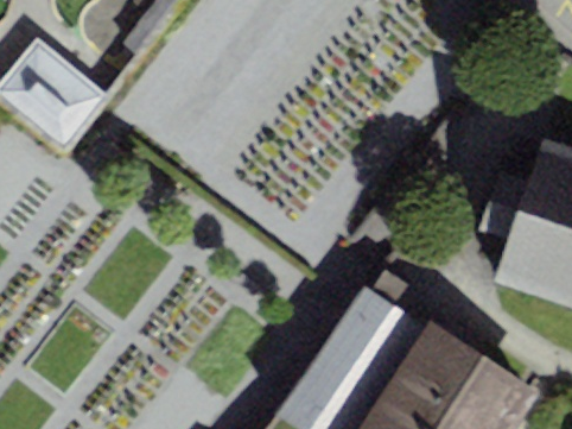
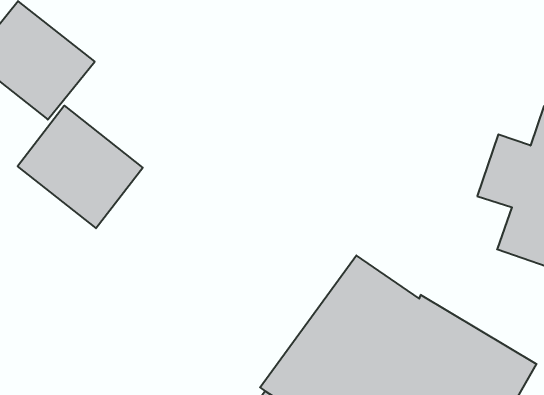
building: none -> [18,106,143,228]

